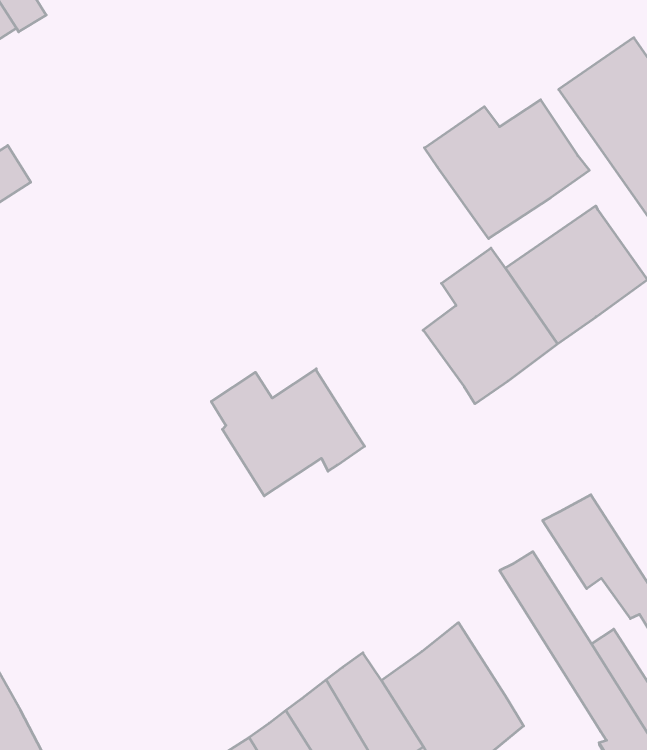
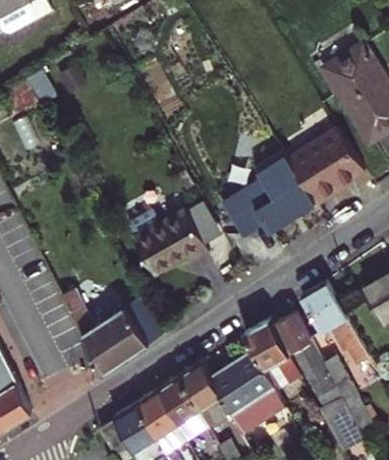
building: [424,100,589,239] -> none
building: none -> [221,191,263,236]
building: none -> [184,200,222,244]
building: none -> [61,288,164,375]
building: none -> [243,319,300,390]

